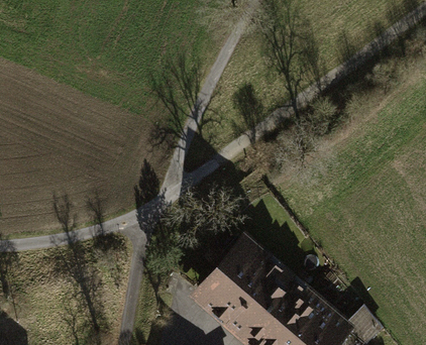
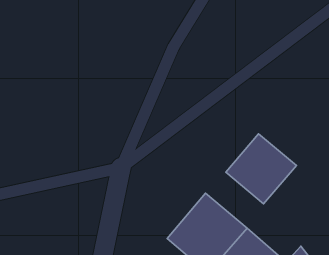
building: none -> [226,134,297,204]

